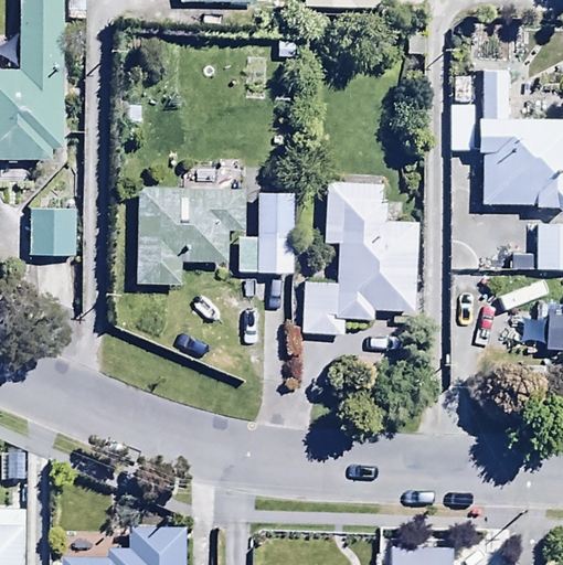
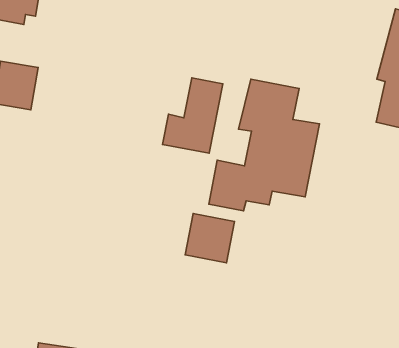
building: [137,188,244,282] -> none
building: none -> [185,214,234,263]

